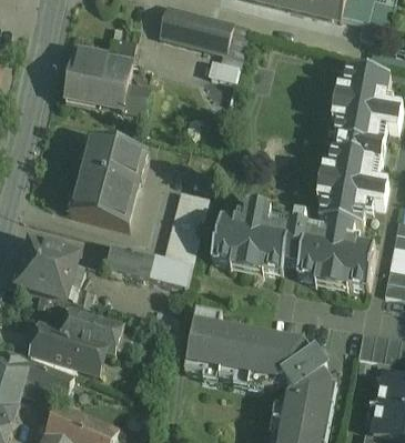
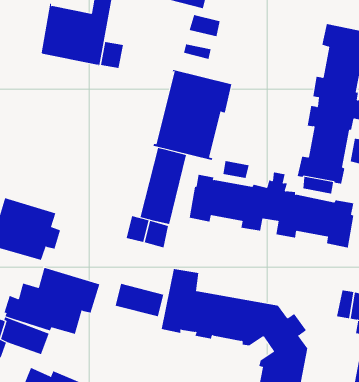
building: [69,137,148,226] -> [152,69,232,160]
building: [105,245,154,279] -> [115,283,164,317]

